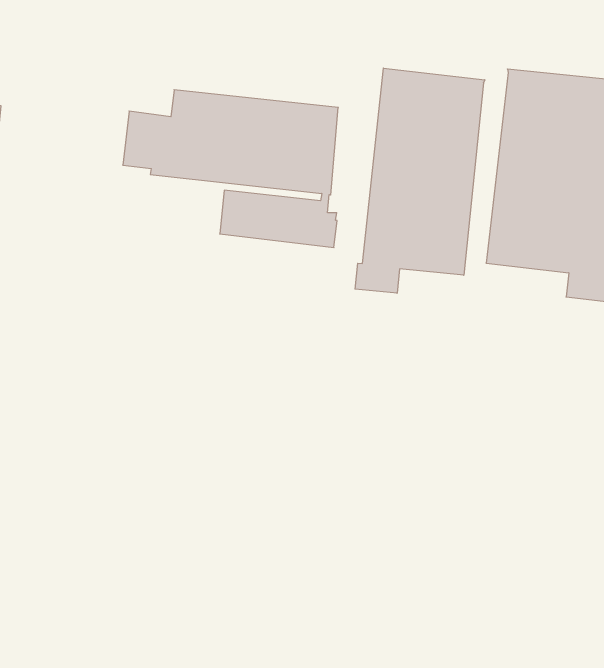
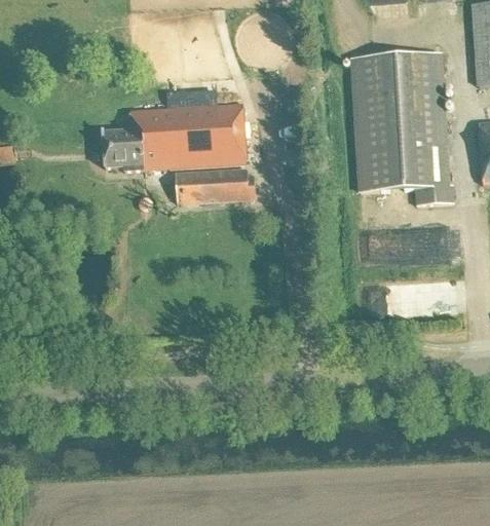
building: [355,68,485,293] -> none

